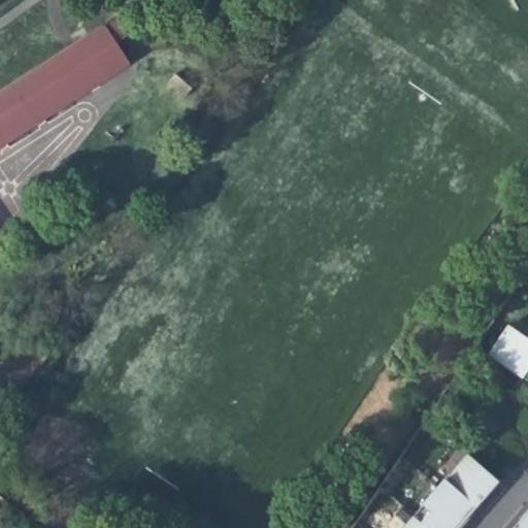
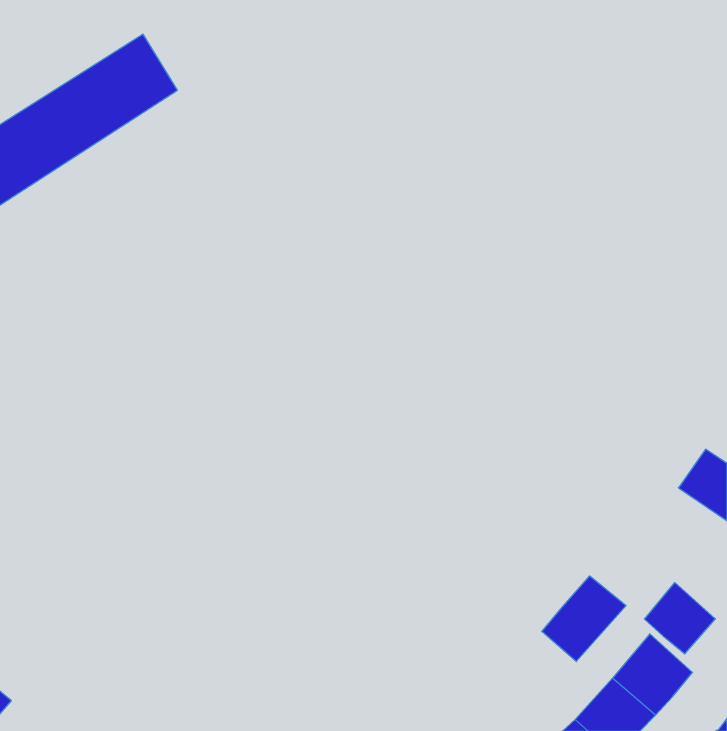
building: none -> [542,576,626,662]
building: none -> [644,583,715,654]

